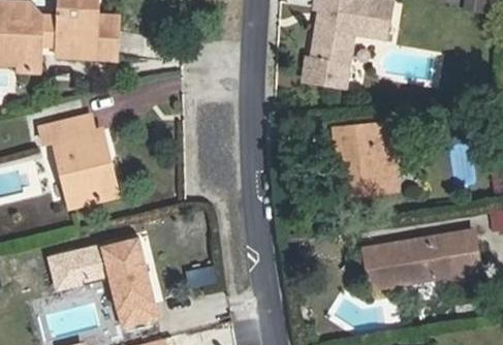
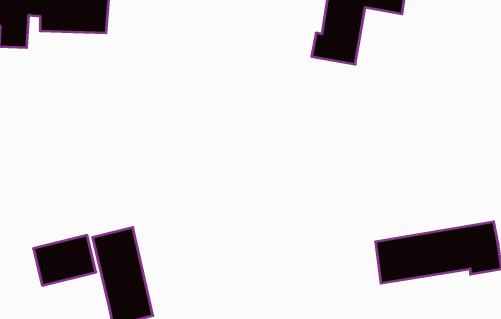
building: [38,116,118,209] -> none
building: [337,126,387,193] -> none

